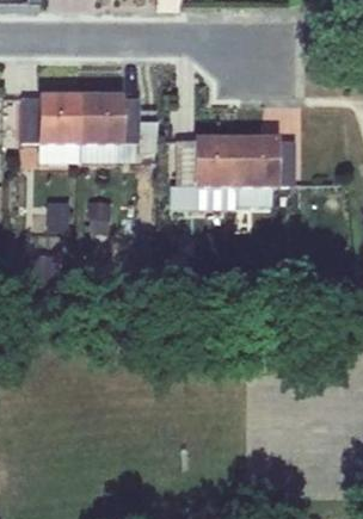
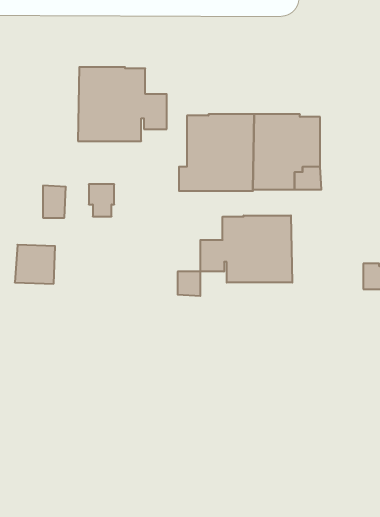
building: [21,94,81,161] -> none
building: none -> [200,215,292,283]

